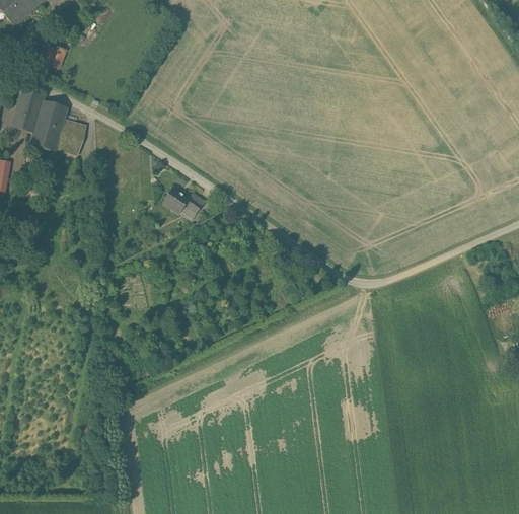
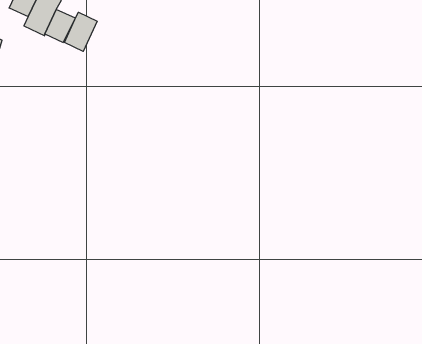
building: none -> [65,12,97,51]
building: [162,188,204,213] -> none

